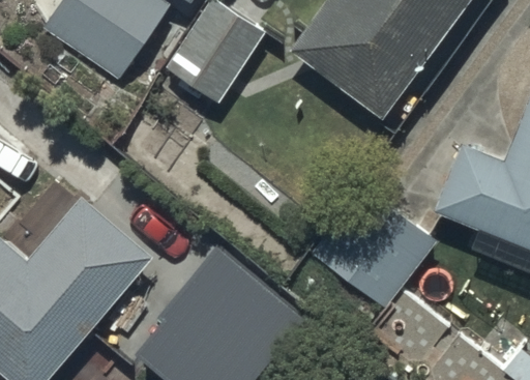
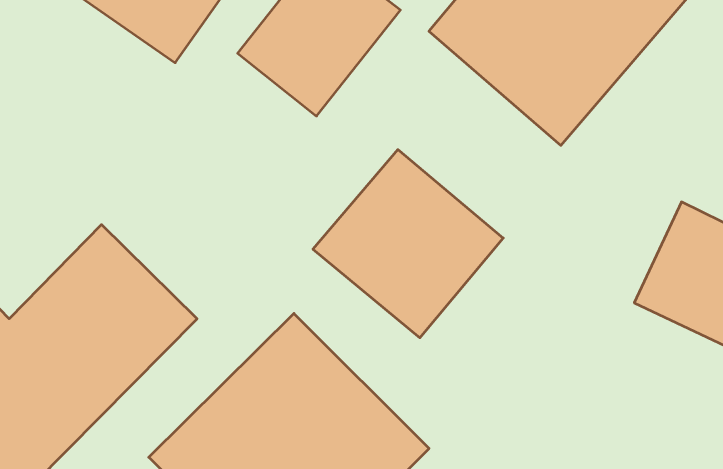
building: [313,191,437,313] -> [313,150,503,338]

